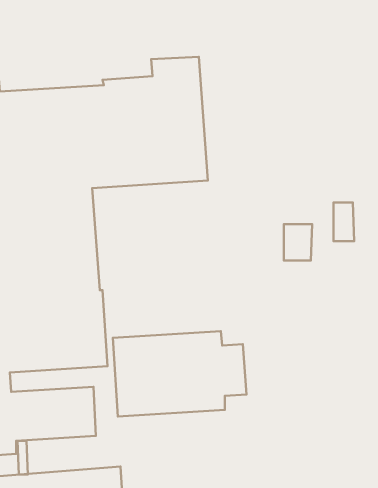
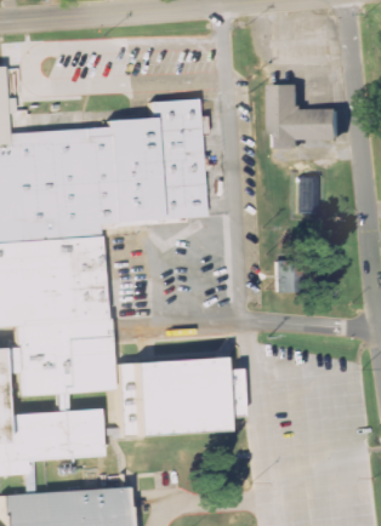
building: none -> [274,85,343,147]
building: [333,203,354,241] -> [303,177,323,213]

